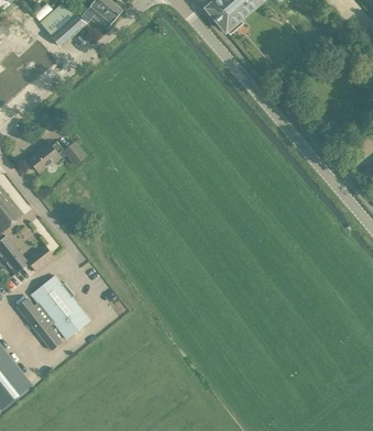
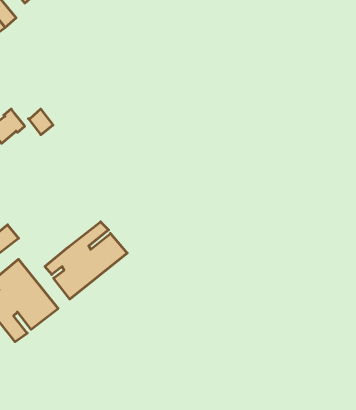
building: none -> [45,222,127,299]

